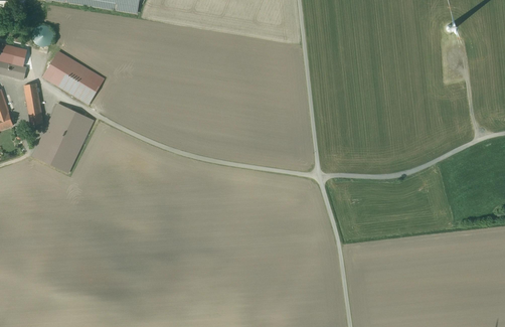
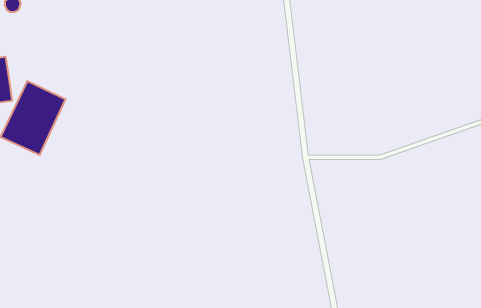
building: [41,47,105,101] -> none

